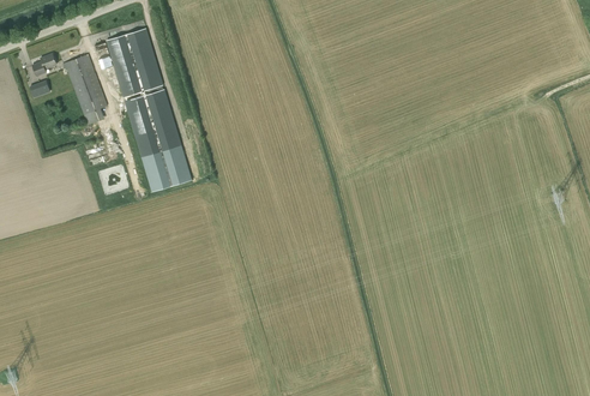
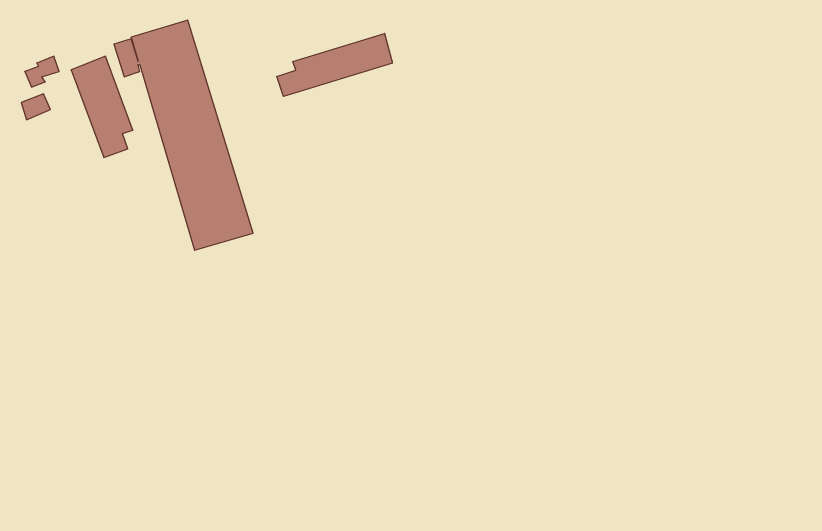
building: none -> [277,33,392,96]

